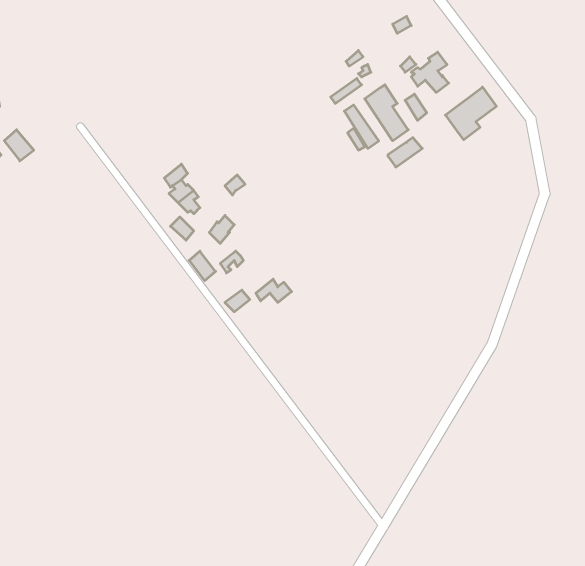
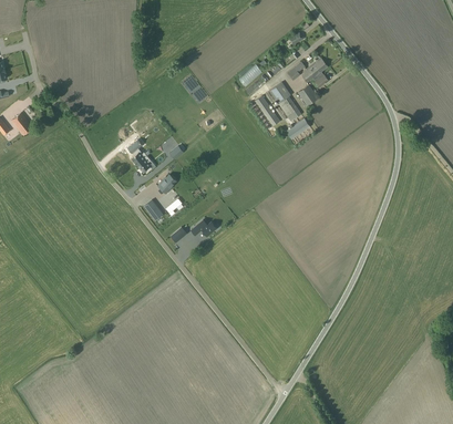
building: [445,87,496,140] -> none

